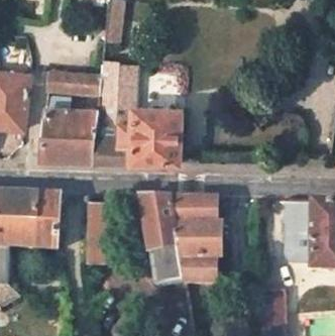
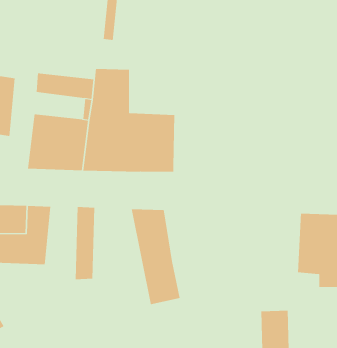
building: [169,198,220,284] -> none

